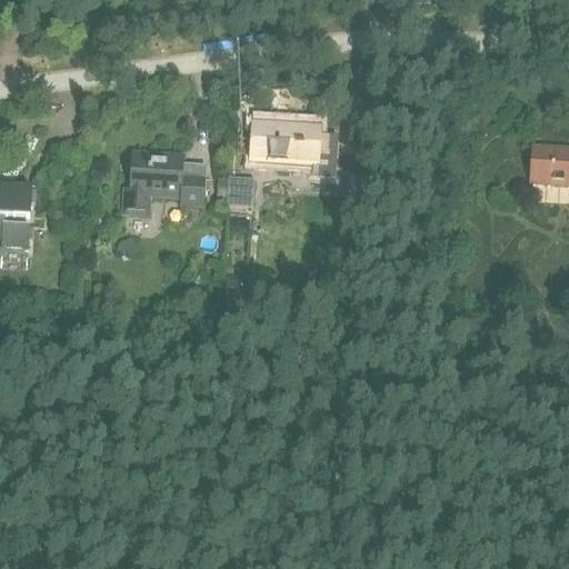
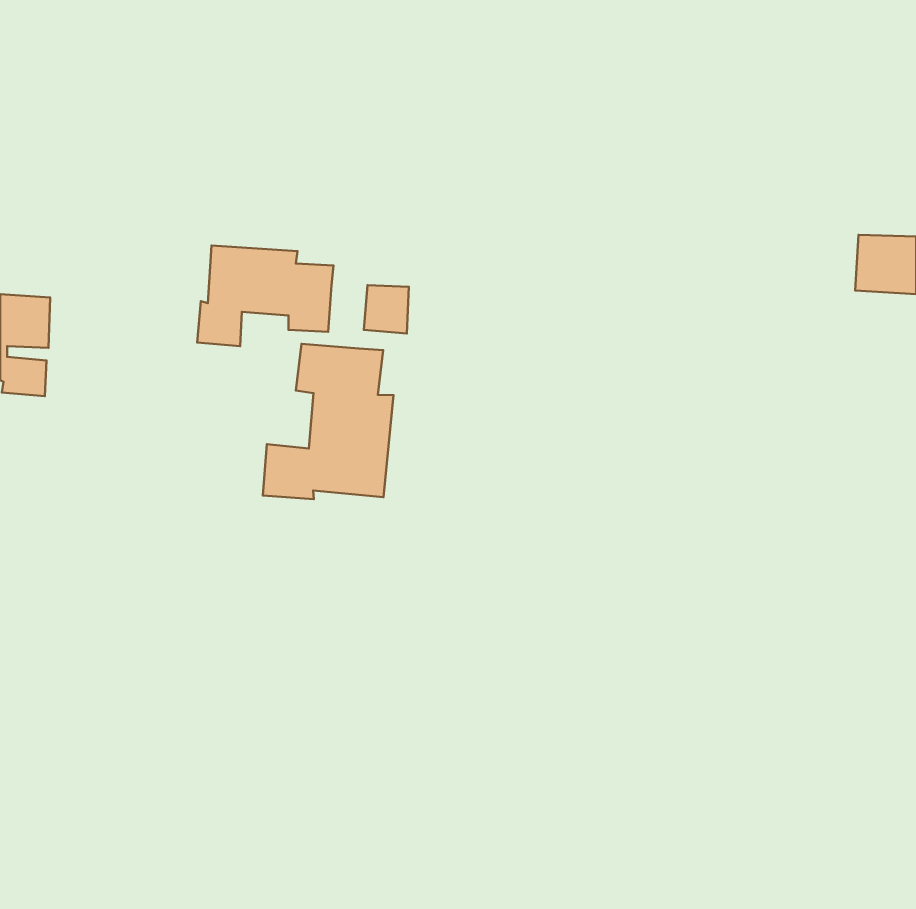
building: [252,119,319,163] -> none
building: none -> [263,344,394,499]

